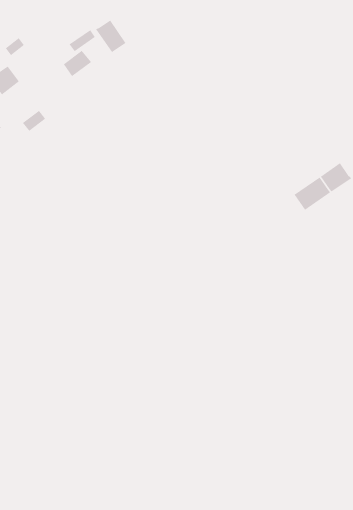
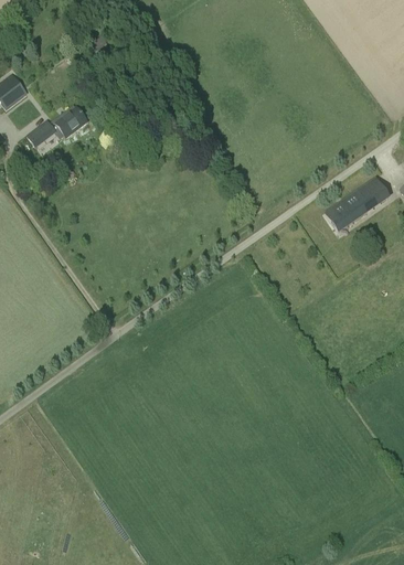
building: [95,19,126,53] -> none
building: [63,50,92,77] -> [55,108,87,138]

